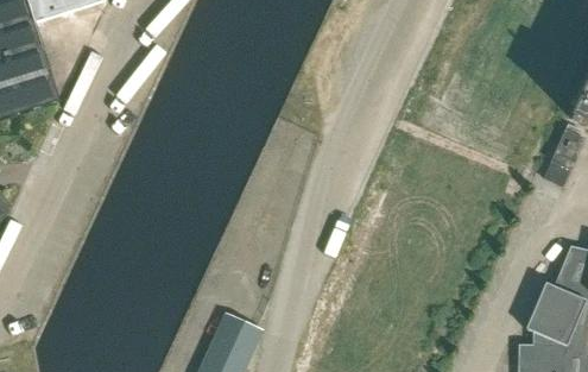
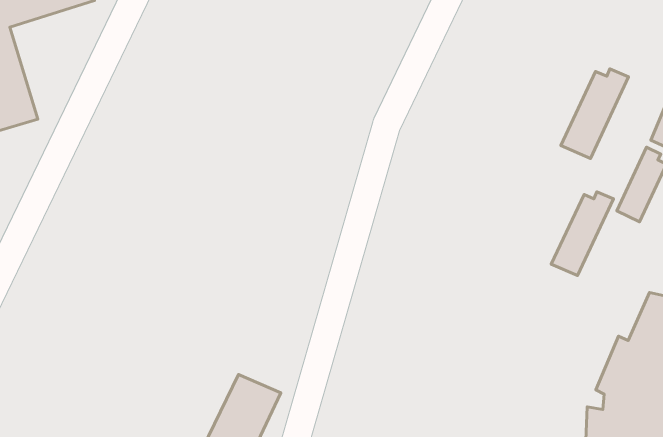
building: none -> [561,69,628,158]
building: none -> [551,192,613,276]

